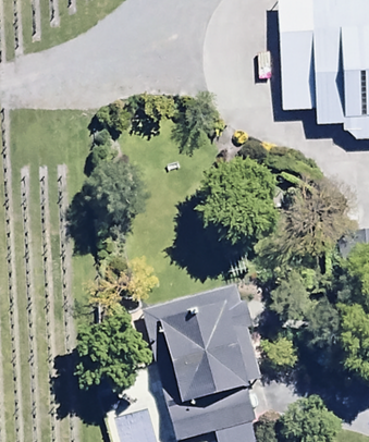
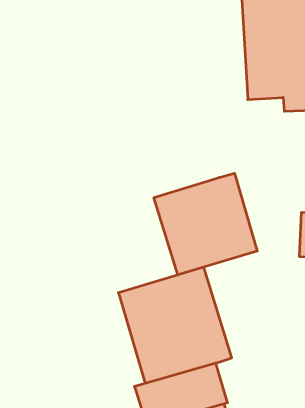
building: none -> [154,173,257,275]

